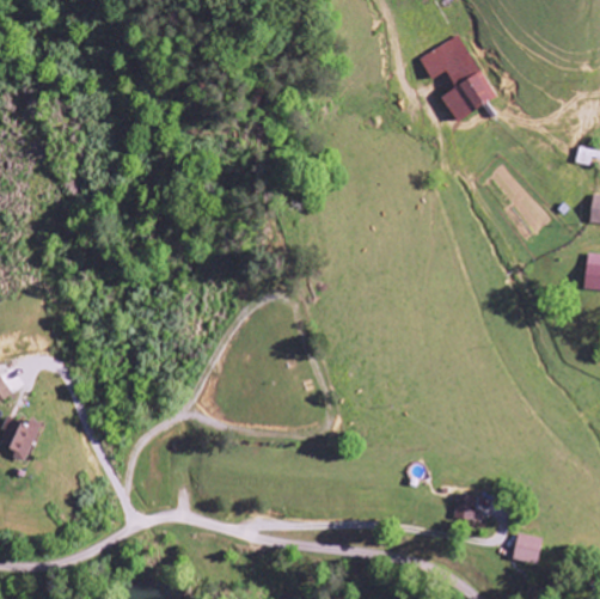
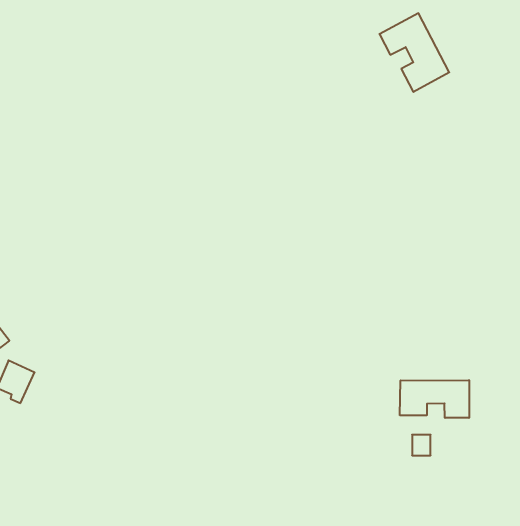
building: none -> [400,380,469,418]
building: [514,534,544,564] -> none

